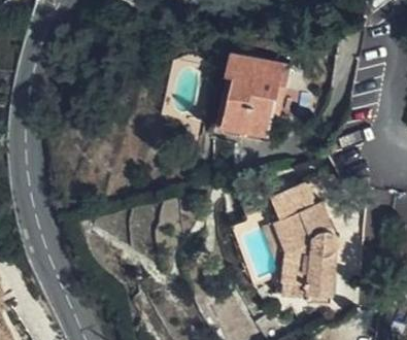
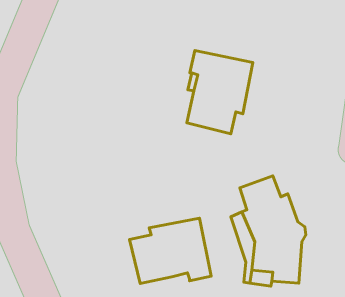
building: none -> [130,218,211,283]

